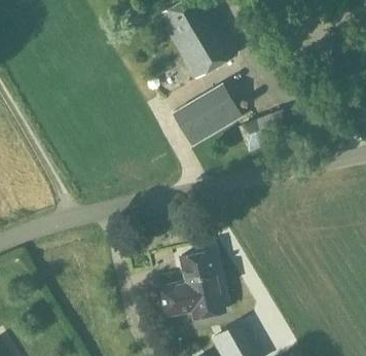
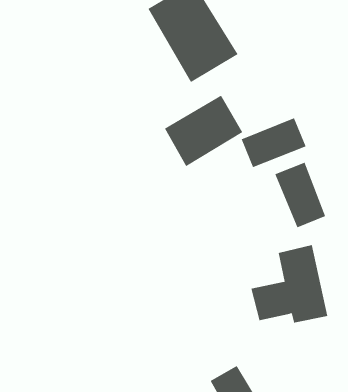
building: none -> [275,162,326,228]
building: [157,248,224,316] -> [250,244,328,323]

